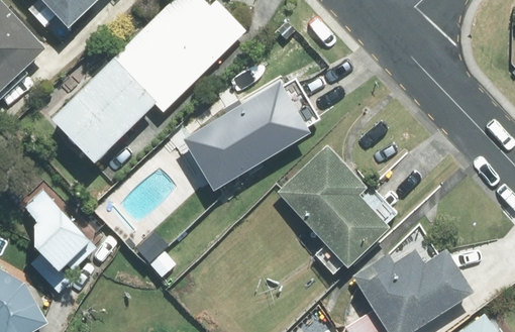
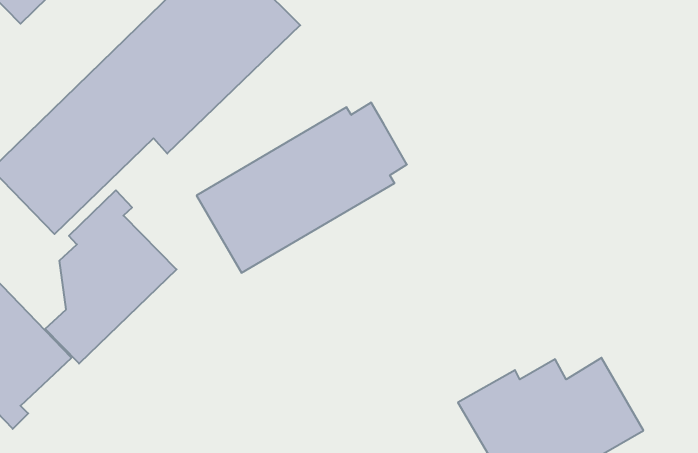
building: none -> [45,190,177,364]
building: [275,142,406,274] -> none

